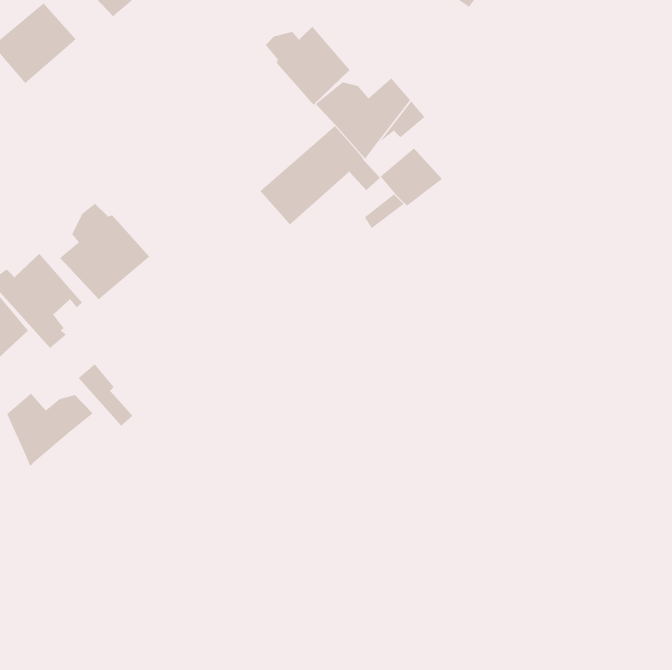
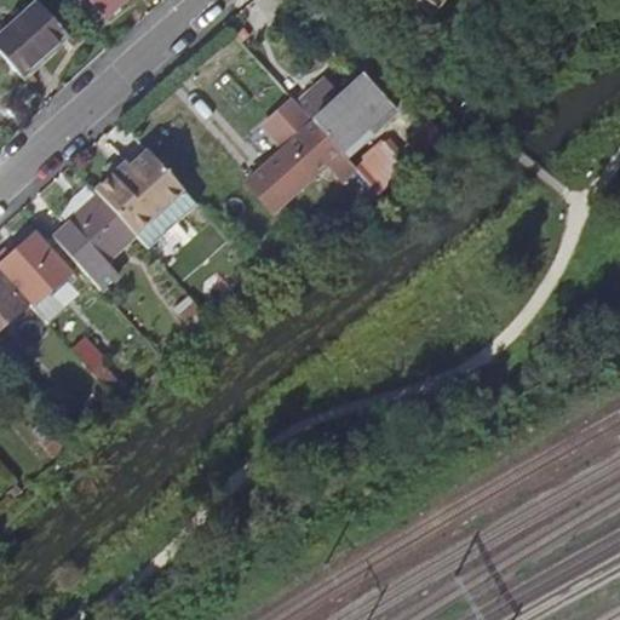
building: [265,26,350,105] -> none
building: none -> [96,150,199,247]
building: [6,393,94,467] -> none

